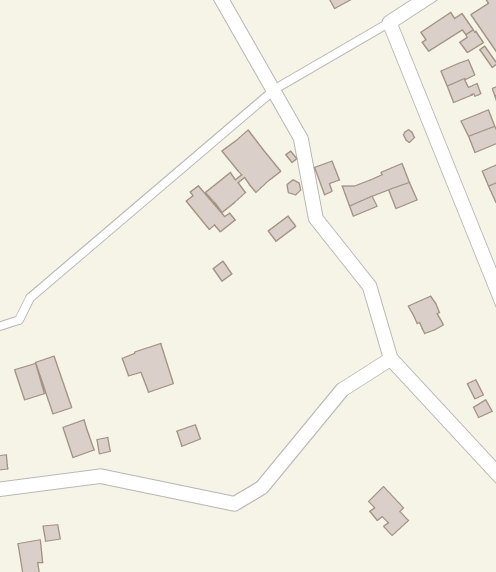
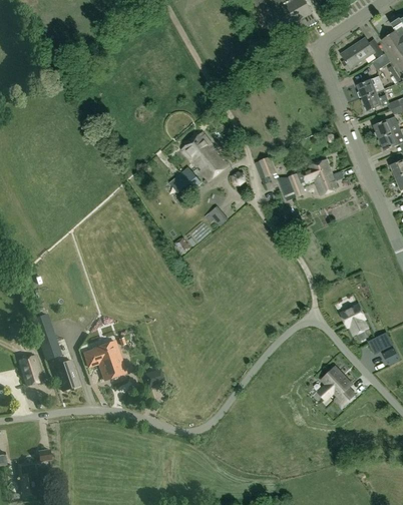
building: [186,186,235,232] -> none
building: [408,296,443,334] -> [340,305,368,335]
building: [122,343,173,392] -> [84,341,125,380]
building: [15,364,45,400] -> [19,356,43,385]
building: [369,487,409,535] -> [323,367,355,406]

